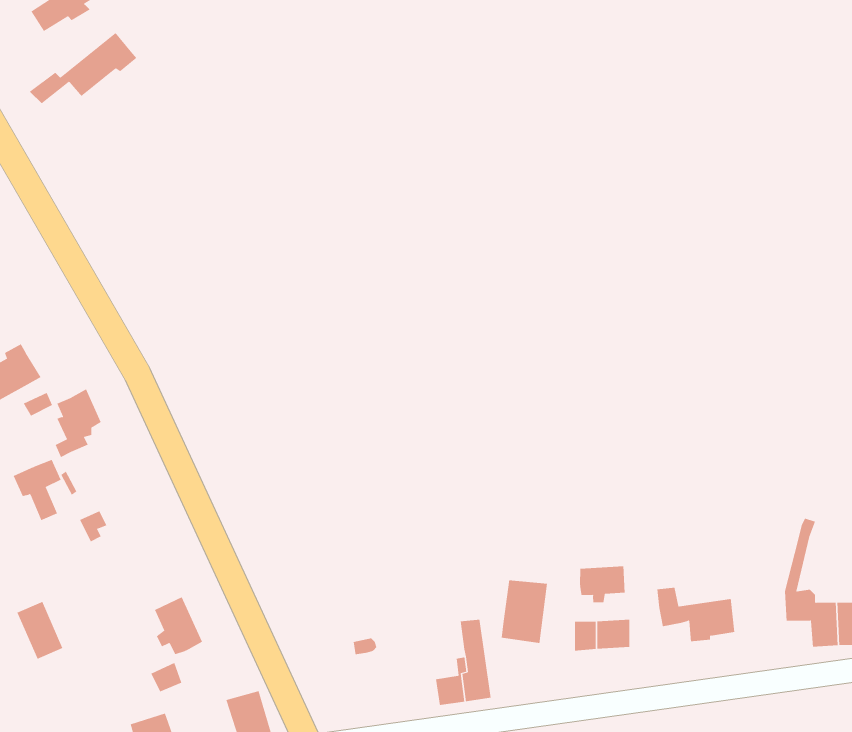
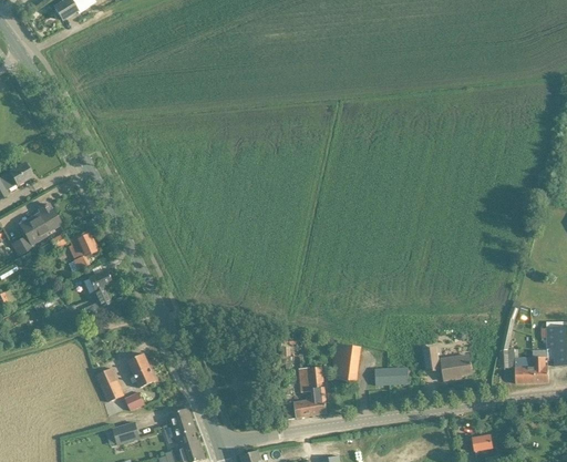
building: [29,32,137,104] -> none
building: [13,459,62,521] -> [83,270,112,307]
building: [580,566,625,603] -> none
building: [16,601,63,659] -> [95,370,123,404]

